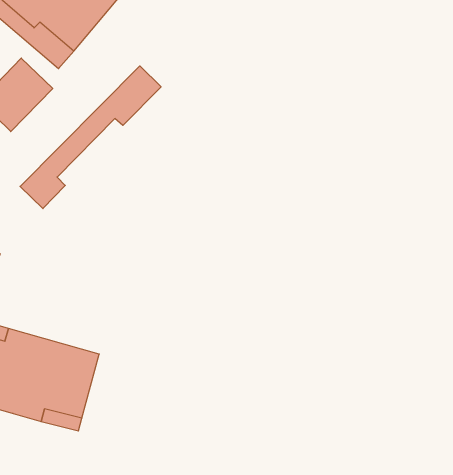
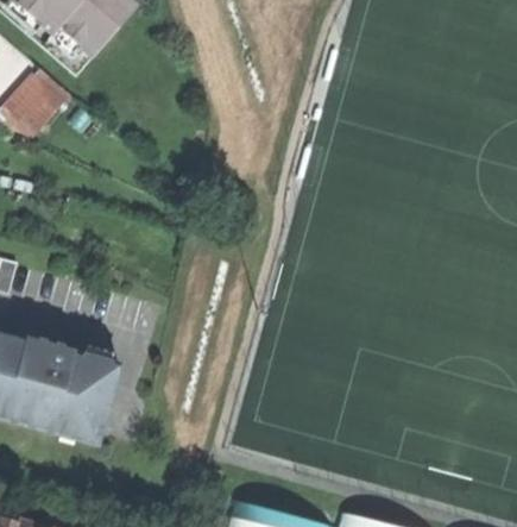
building: [20,66,161,209] -> none

